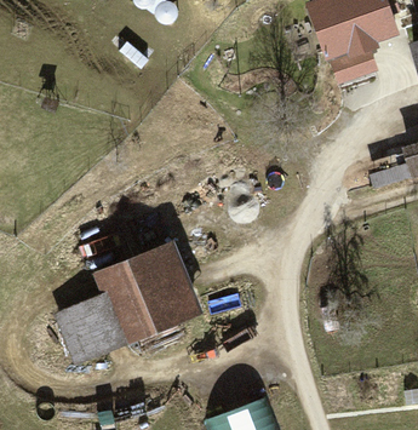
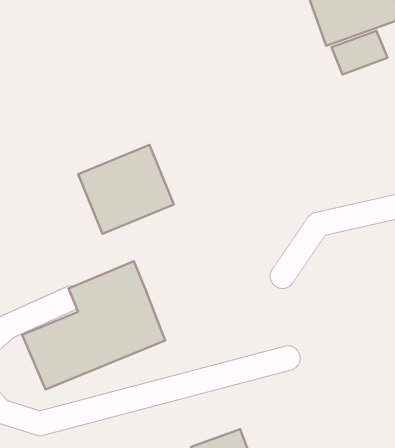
building: none -> [78,145,174,234]

